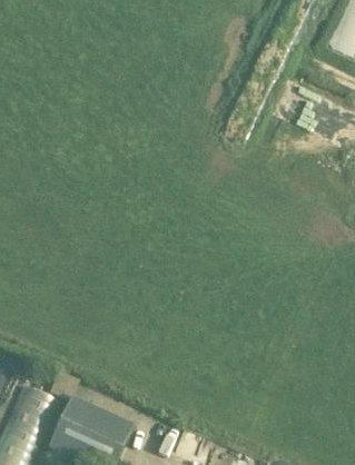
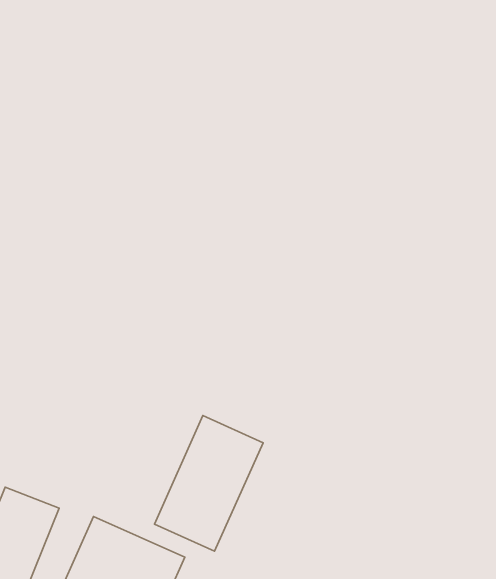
building: none -> [154,416,263,551]

